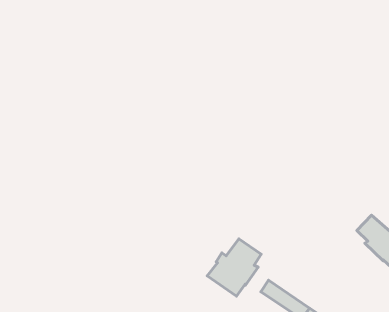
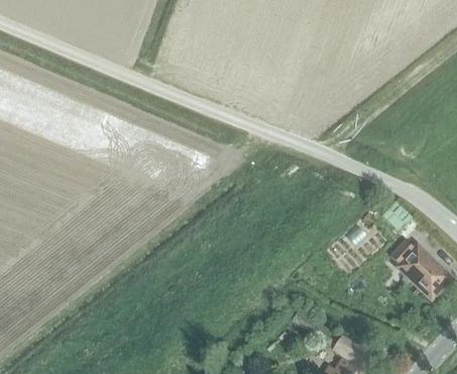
building: [207,239,261,296] -> none

